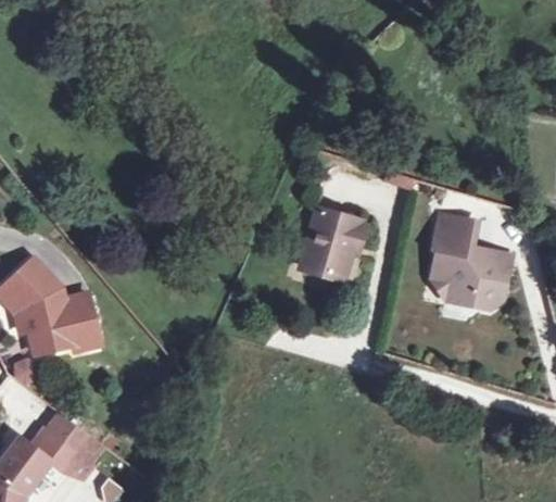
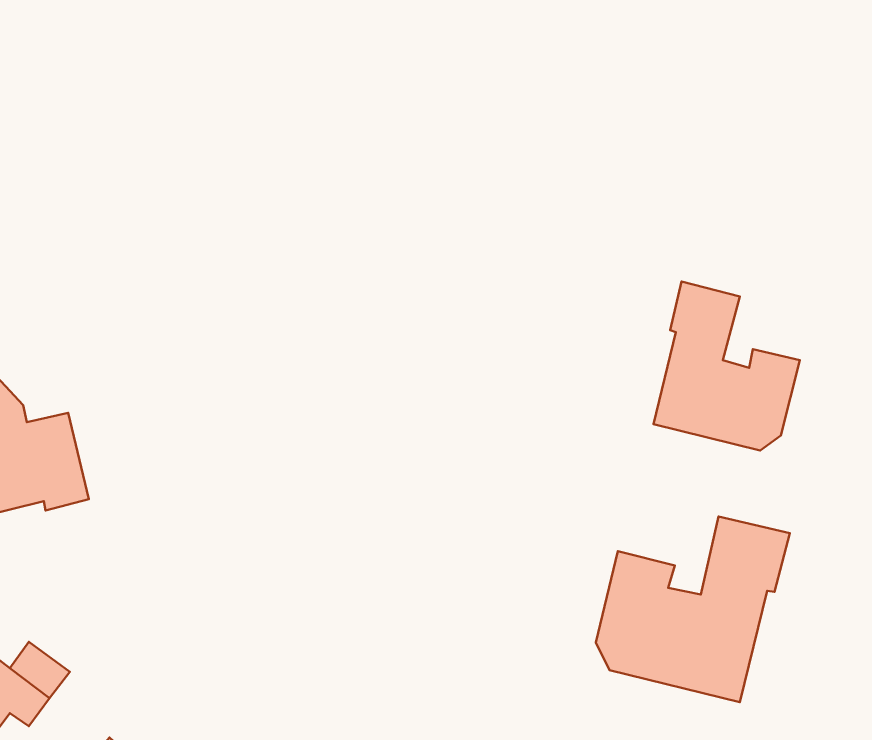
building: [295,206,359,275] -> none
building: none -> [596,516,790,702]

